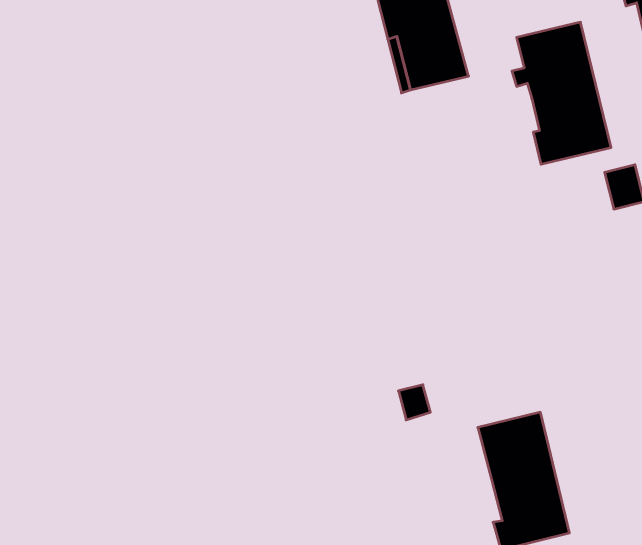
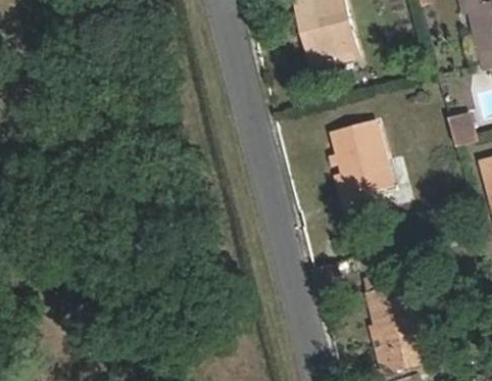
building: [512,22,611,164] -> [330,121,396,216]

